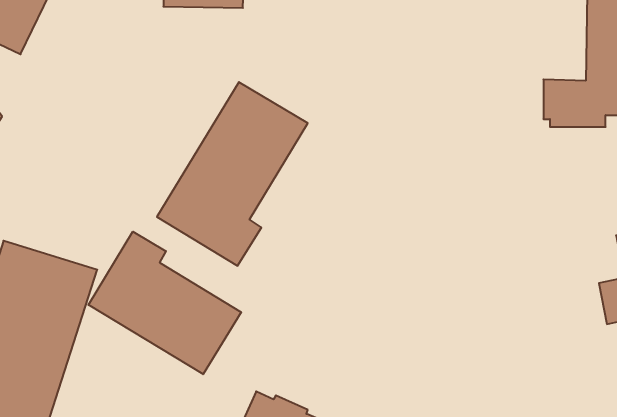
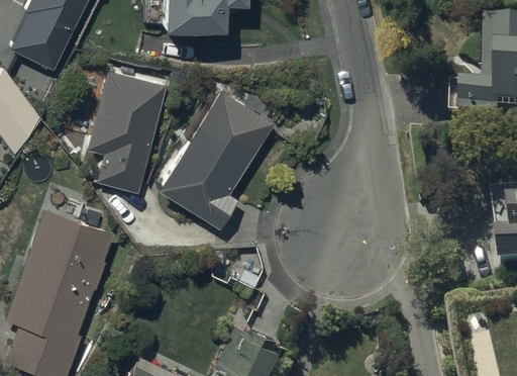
building: none -> [89,71,166,192]
building: [88,232,241,374] -> none

